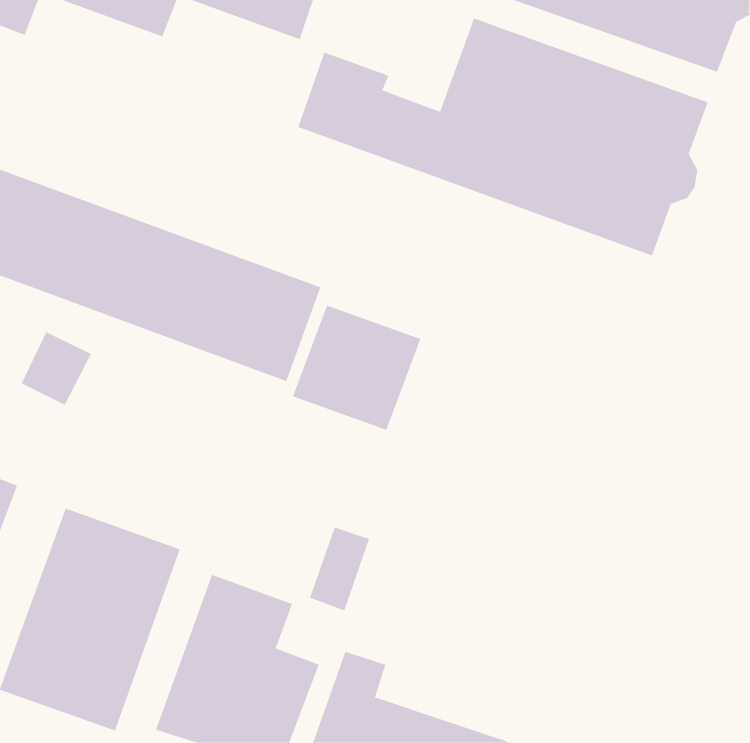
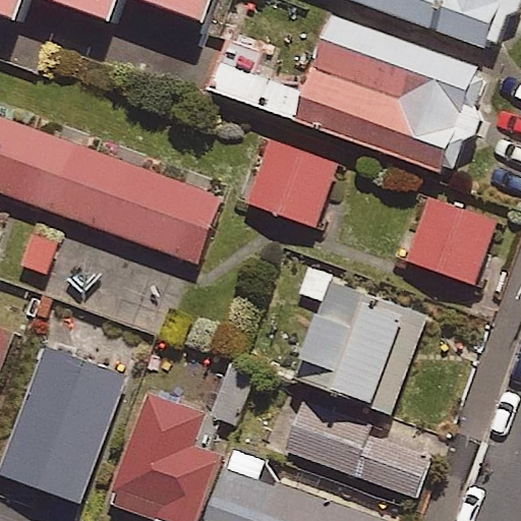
building: none -> [393,193,499,285]
building: [292,305,421,431] -> [249,139,338,226]
building: none -> [293,262,425,417]
building: none -> [288,403,428,497]

